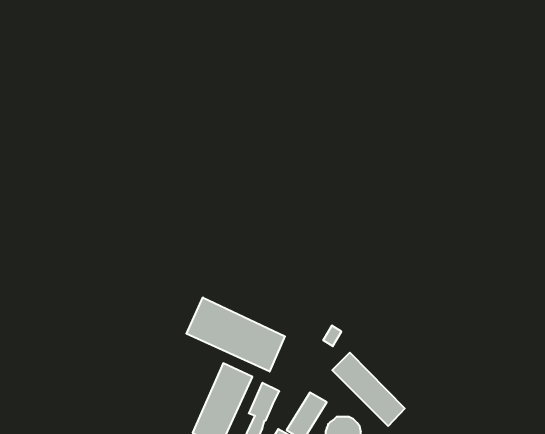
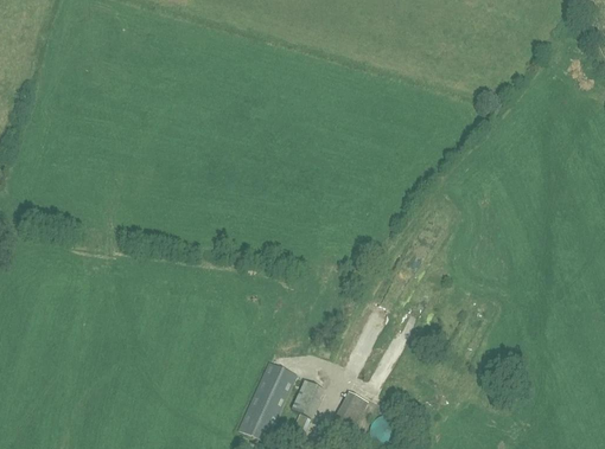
building: [186,297,285,372] -> none
building: [332,353,405,426] -> none

